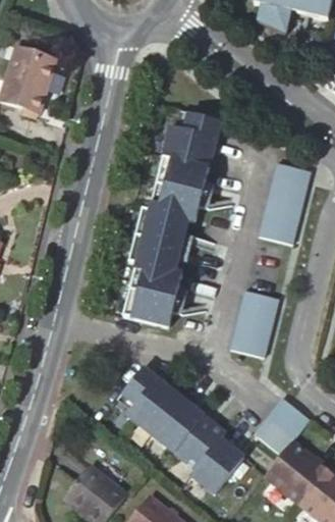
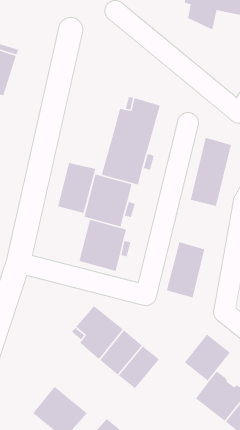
building: none -> [57,162,96,214]
building: [187,435,240,490] -> none

